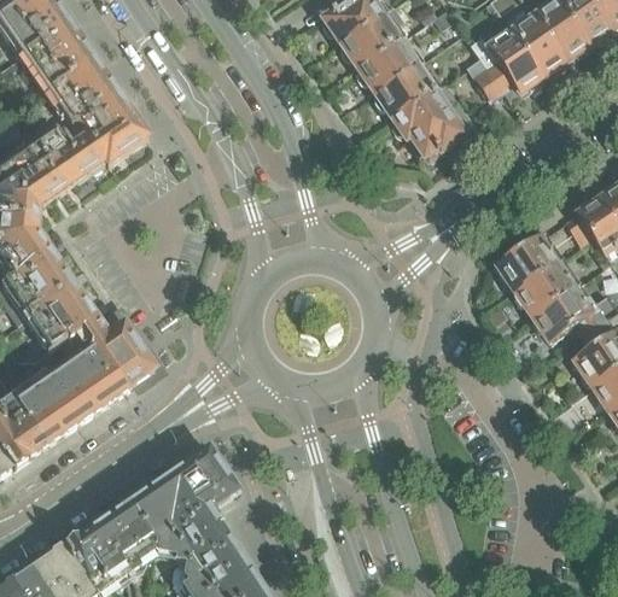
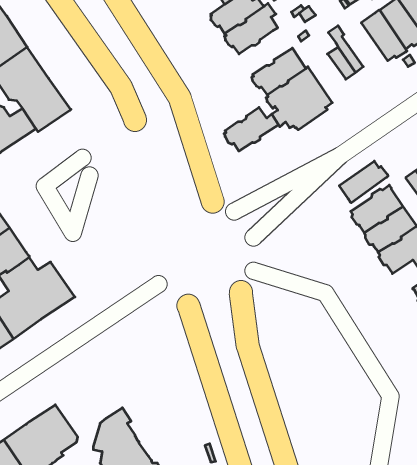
building: [484,29,541,92] -> none
building: [355,39,422,93] -> [224,107,279,151]
building: none -> [339,161,388,203]
building: [128,450,235,555] -> none

